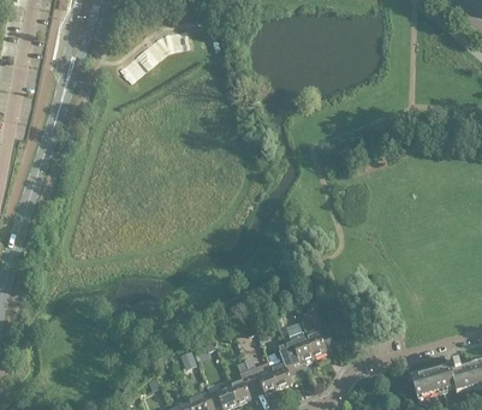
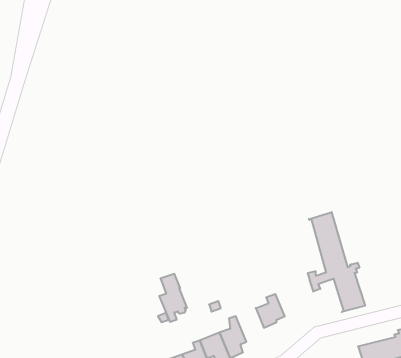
building: none -> [308,212,365,312]
building: [282,321,311,370] -> [159,274,187,322]

